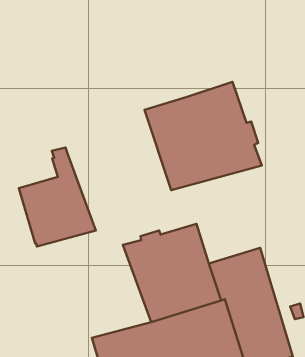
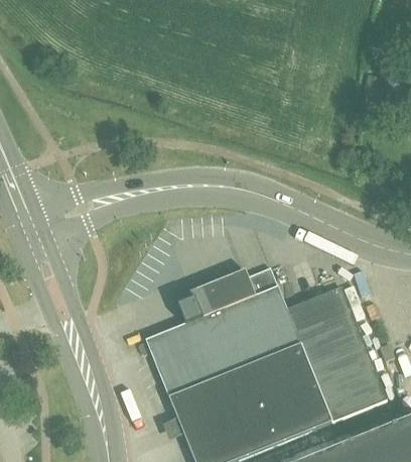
building: [144,82,262,190] -> none
building: [19,148,96,246] -> [145,292,232,400]

